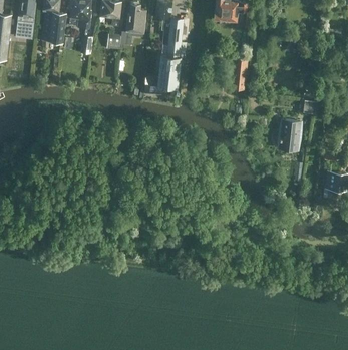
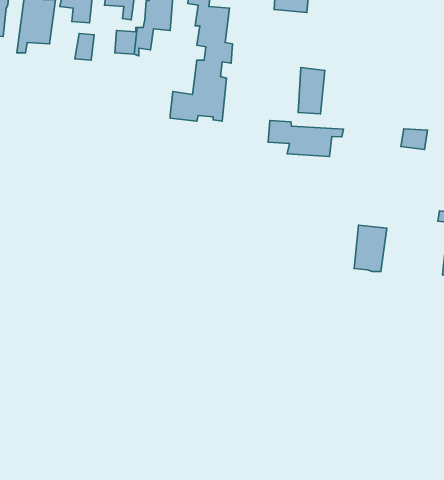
building: none -> [268,121,343,156]
building: [278,119,300,150] -> [354,225,387,271]

